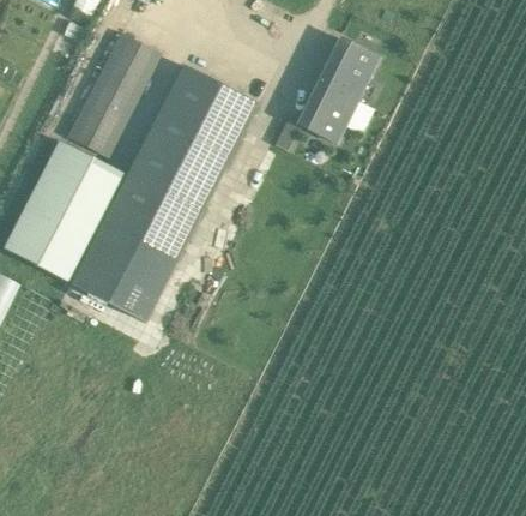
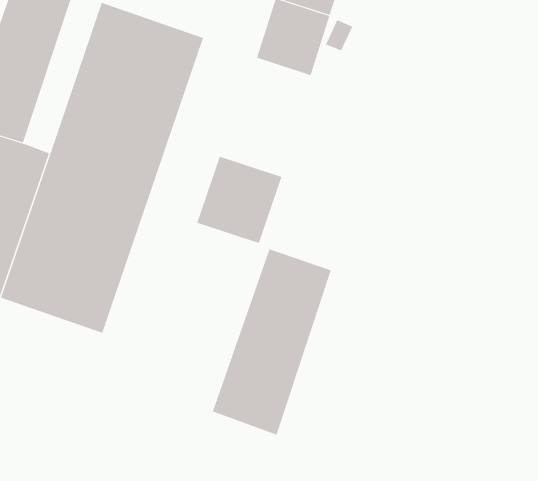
building: none -> [196,156,282,244]
building: none -> [212,248,332,436]

